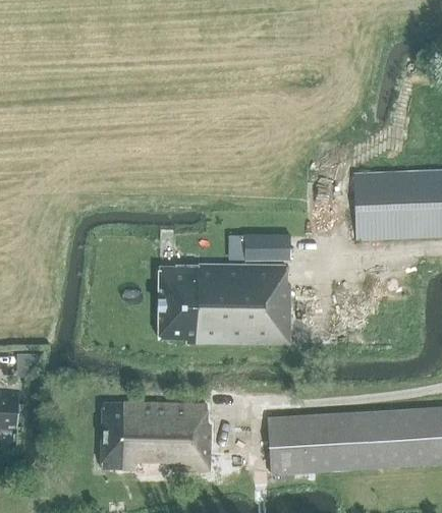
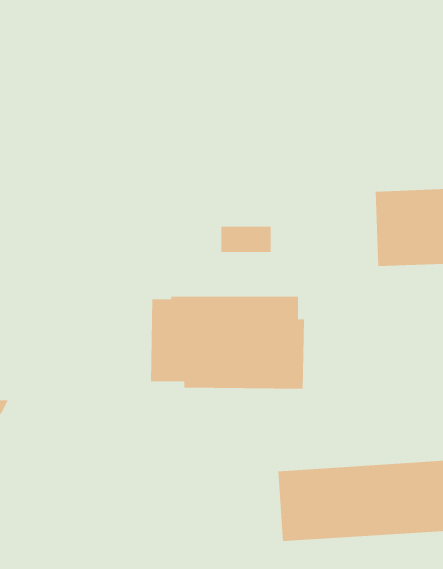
building: [245,238,289,261] -> [220,226,272,252]
building: [101,403,211,471] -> none

